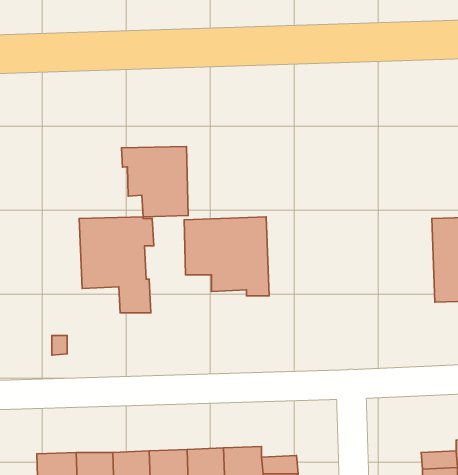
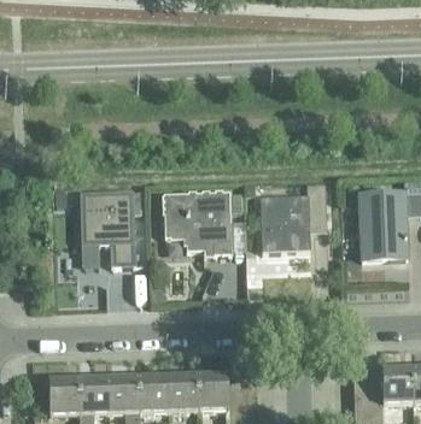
building: [121,146,188,217] -> none
building: none -> [262,184,328,251]

